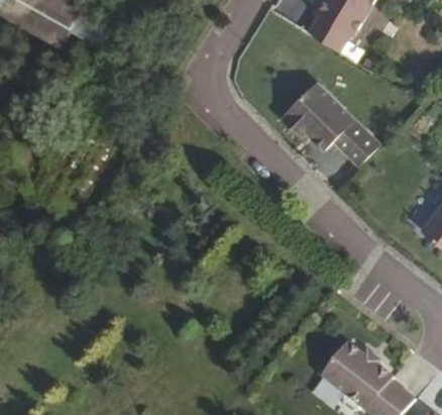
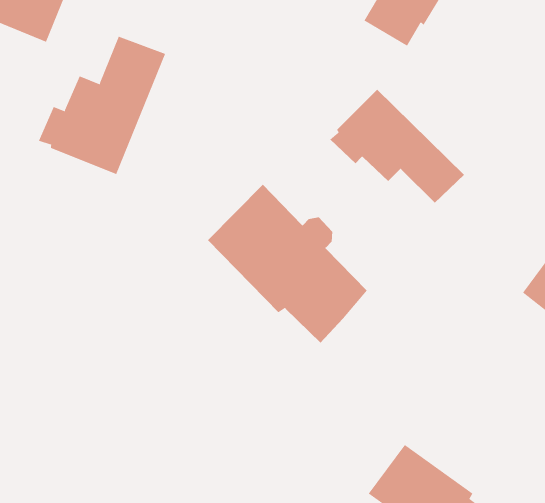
building: none -> [38,36,166,175]
building: none -> [207,184,368,344]

